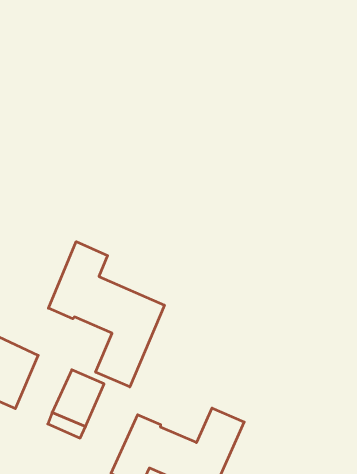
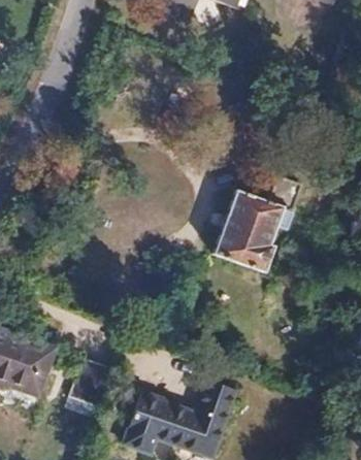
building: none -> [214,178,302,273]
building: [48,242,164,387] -> none

